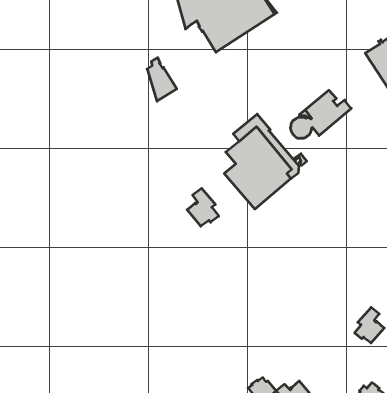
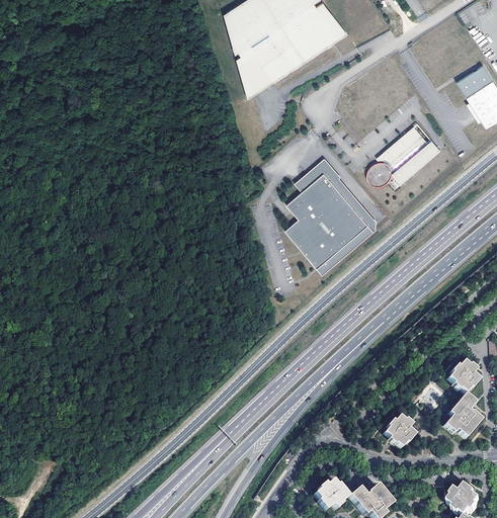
building: [147,58,177,101] -> [238,42,274,96]
building: [187,188,219,226] -> none
building: none -> [447,361,479,394]
building: none -> [385,415,415,447]

